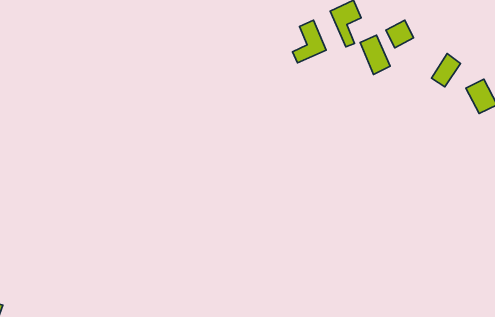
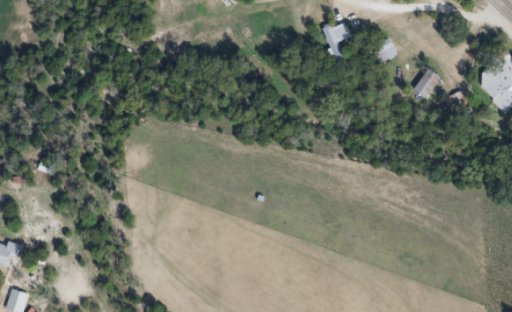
building: [292,20,326,63] -> none
building: [360,35,390,75] -> none

